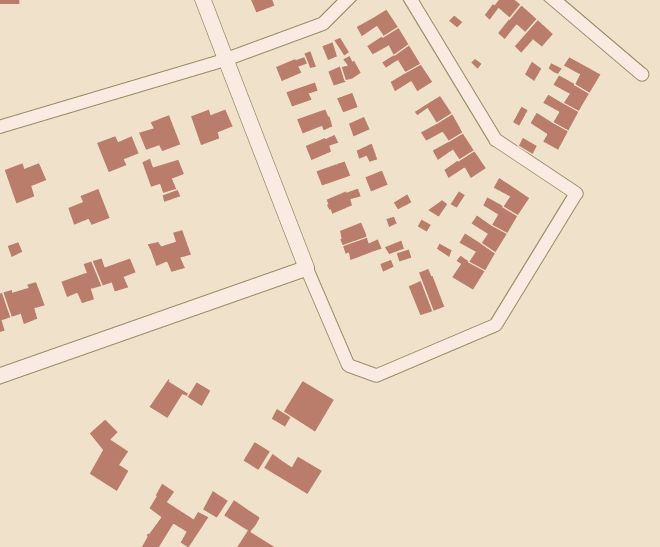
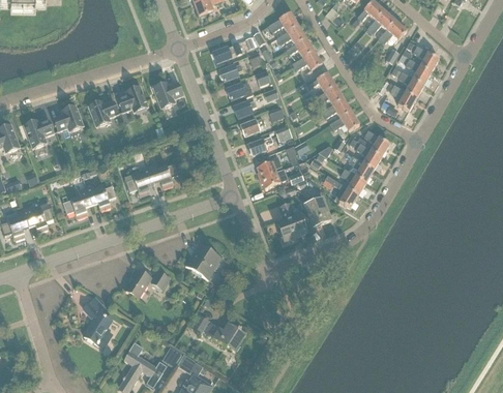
building: [142,158,185,194] -> [148,162,178,187]
building: [67,188,111,226] -> [53,104,83,130]
building: none -> [278,203,305,240]
building: [283,380,335,432] -> [185,243,221,279]

